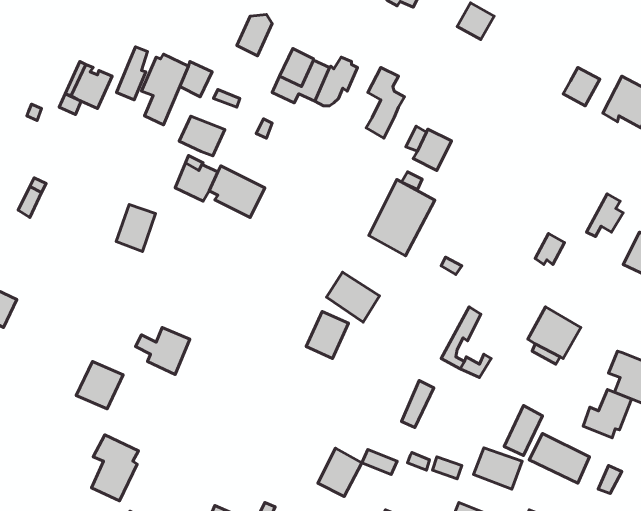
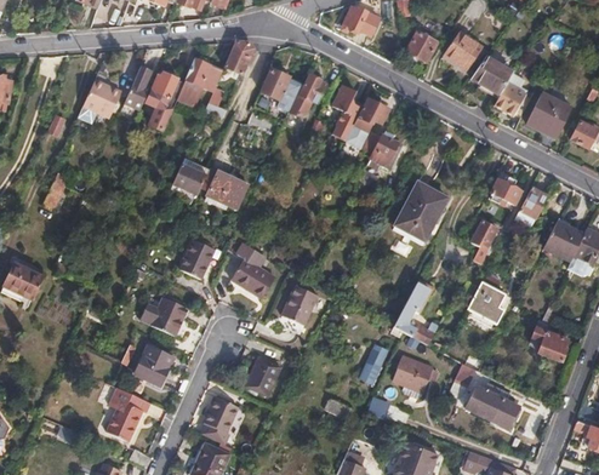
building: none -> [445,36,481,70]
building: none -> [472,57,512,96]
building: none -> [354,101,389,133]
building: [179,116,225,156] -> [186,59,223,92]
building: [369,180,435,256] -> [393,182,447,245]
building: none -> [490,178,519,207]
building: [116,205,156,252] -> [181,242,213,281]
building: [326,272,379,322] -> [232,256,275,297]
building: [76,362,123,409] -> [135,348,173,387]
building: [583,389,632,438] -> none
building: [474,448,522,489] -> [393,354,433,388]
building: none -> [202,399,239,445]
building: [318,448,362,497] -> [245,357,281,397]

